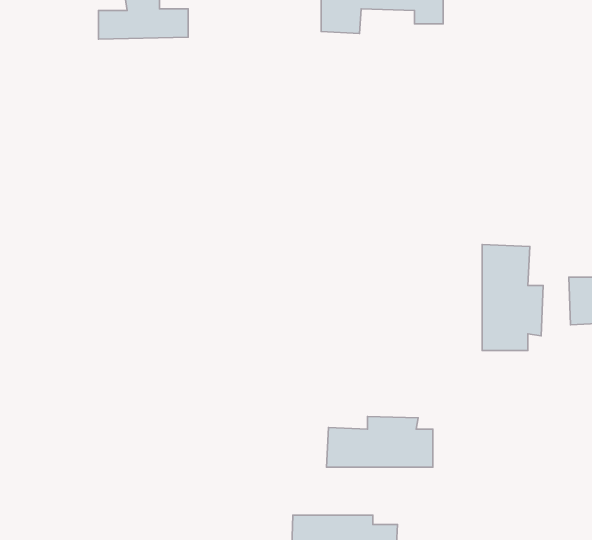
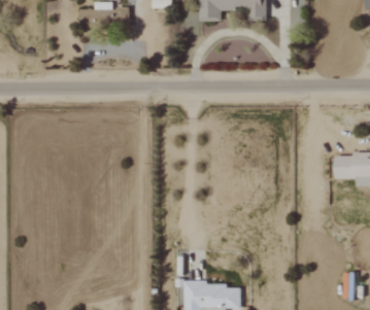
building: [482,245,543,351] -> none
building: [327,416,433,467] -> none

